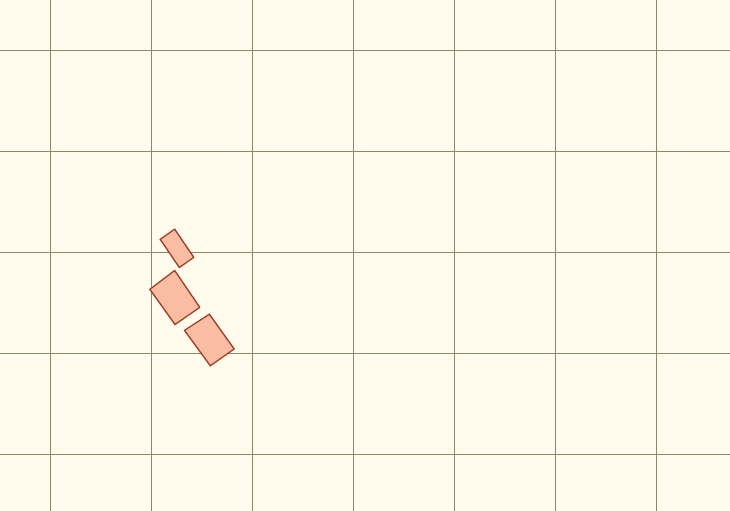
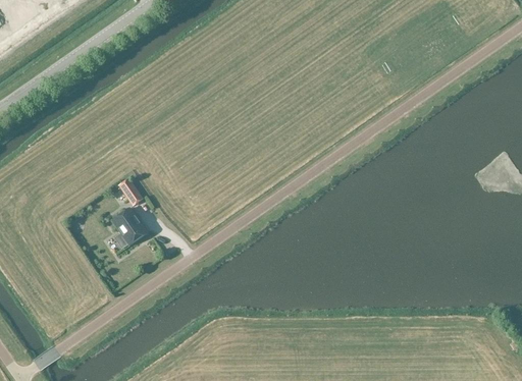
building: [184,314,234,366] -> none

